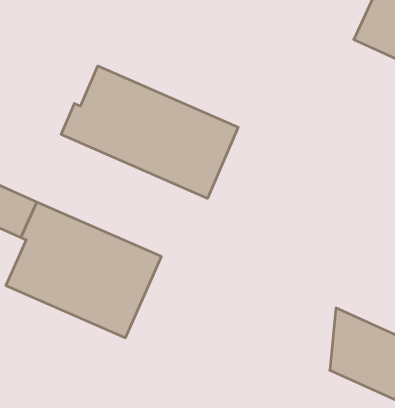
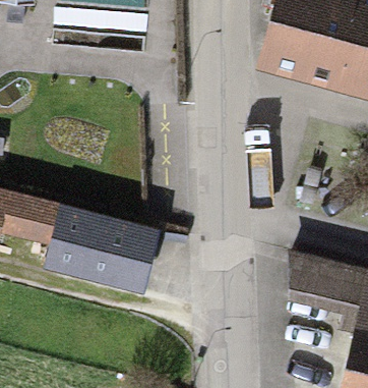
building: [61,66,238,198] -> none

